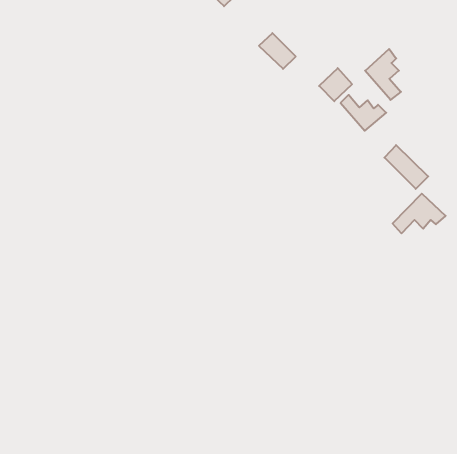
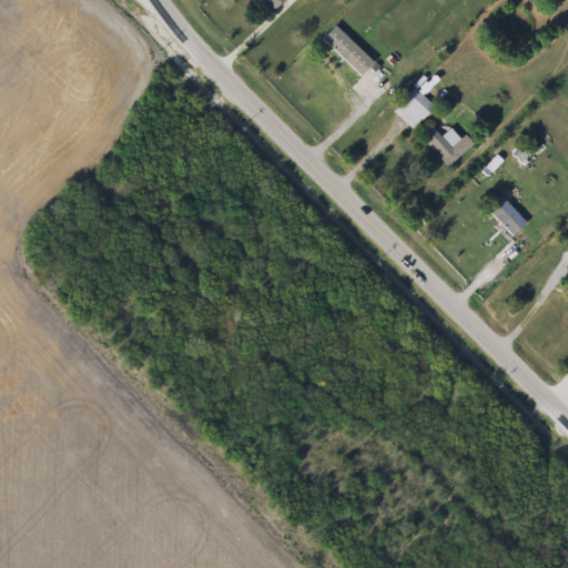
building: [365,49,401,100] -> none
building: [393,194,446,233] -> none

